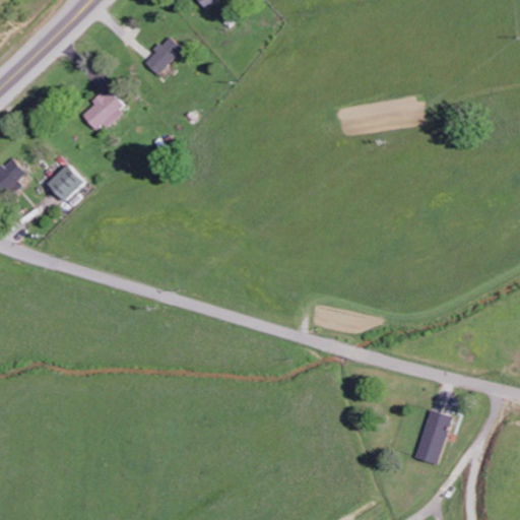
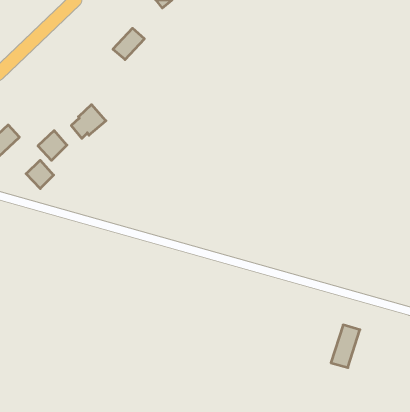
building: [82,88,126,131] -> [71,105,106,138]
building: none -> [26,160,54,189]

